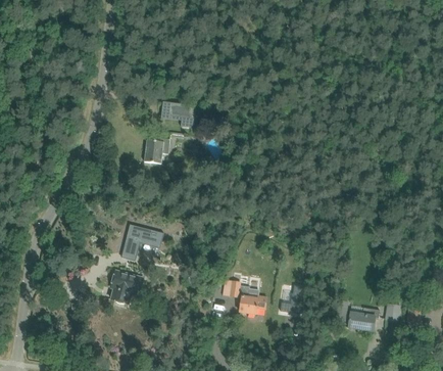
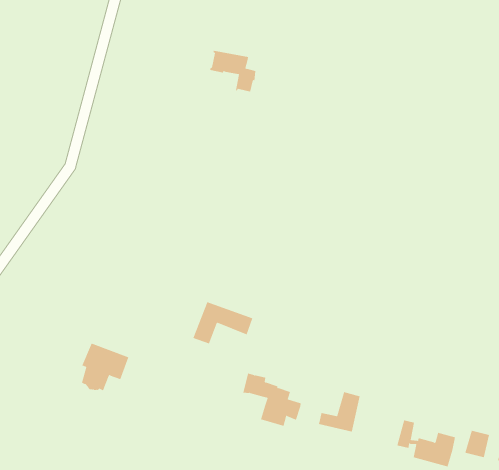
building: [160,102,193,129] -> [209,50,256,92]
building: [144,138,169,164] -> none
building: [120,230,161,260] -> [193,302,253,344]

